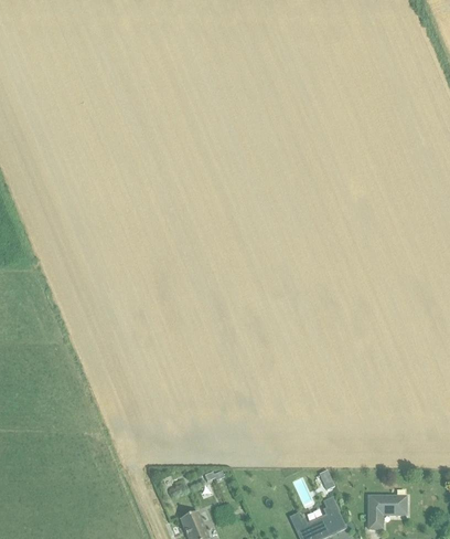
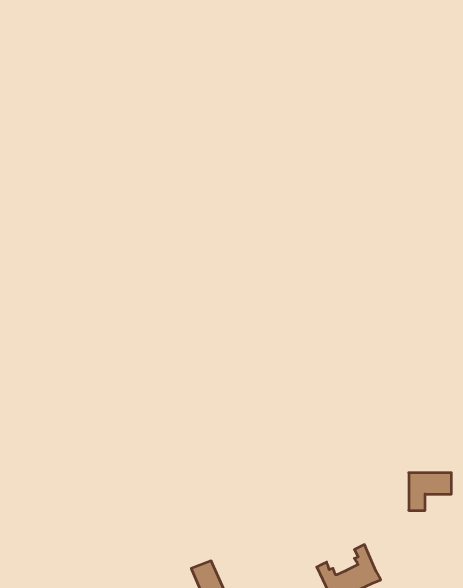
building: [368,495,406,528] -> [409,473,451,510]

